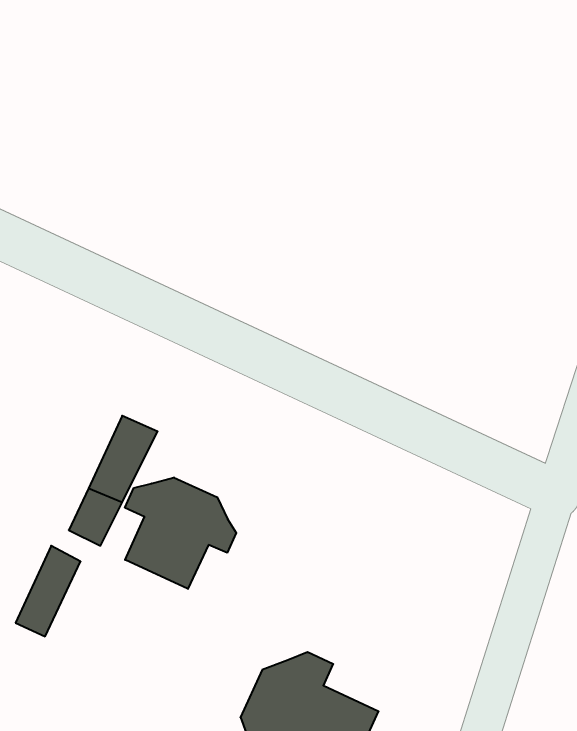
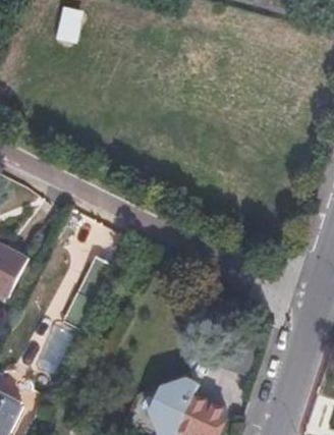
building: [125,477,236,589] -> none

